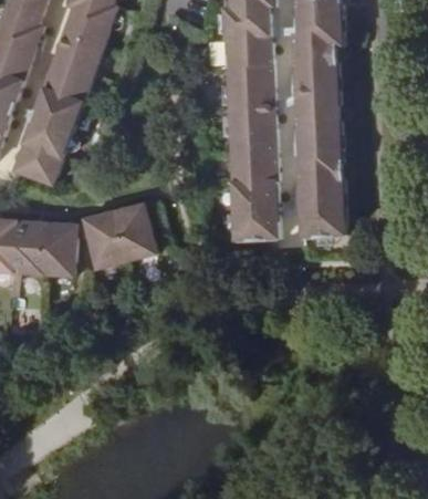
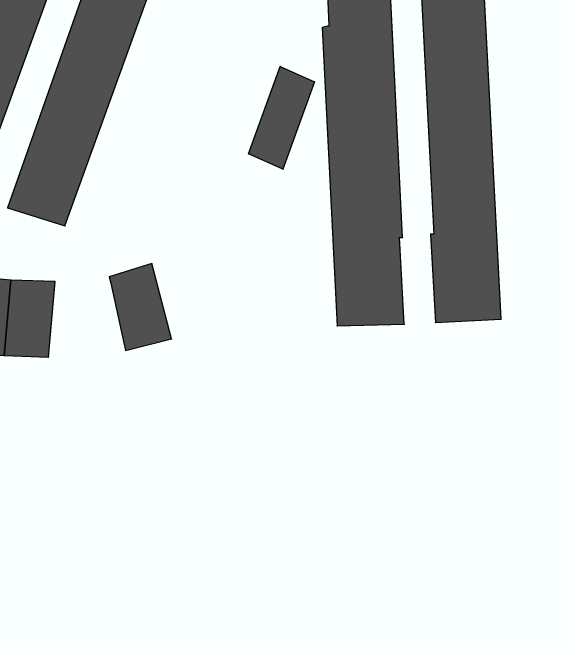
building: none -> [249,66,314,169]
building: [111,202,153,261] -> none
building: [41,222,74,277] -> none

